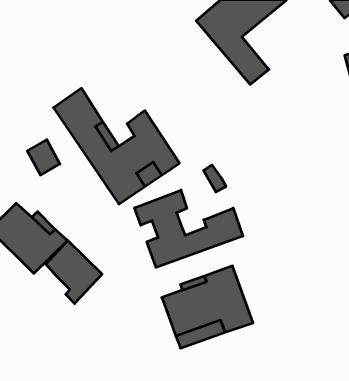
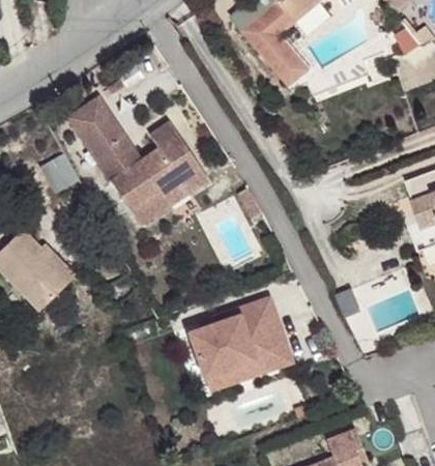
building: [135,190,243,267] -> none
building: [46,240,102,304] -> none

